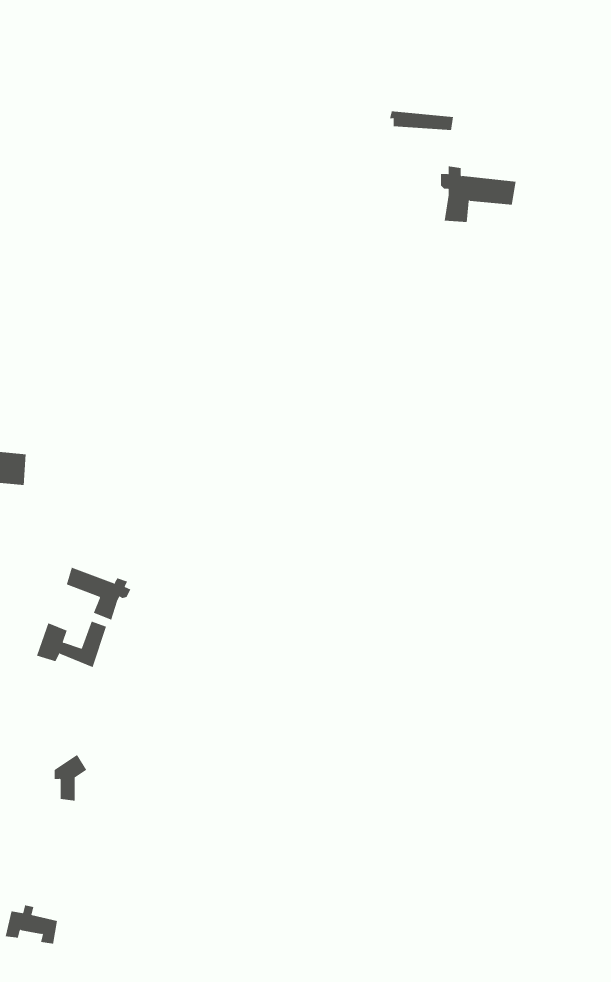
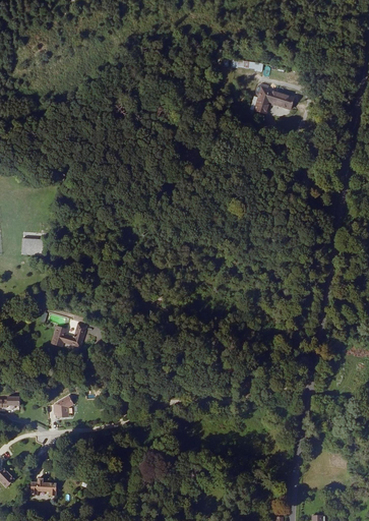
building: [66,567,131,620] -> none

